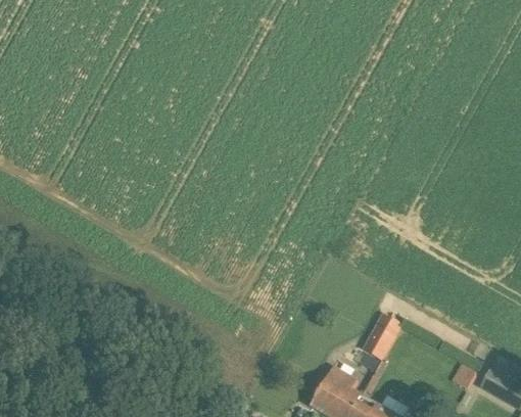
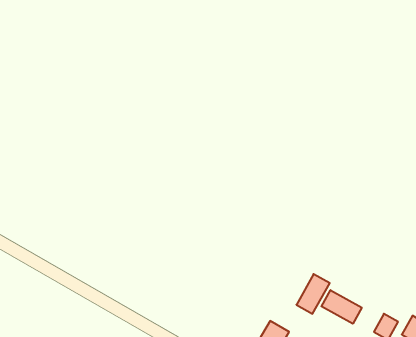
building: none -> [321,290,362,324]

